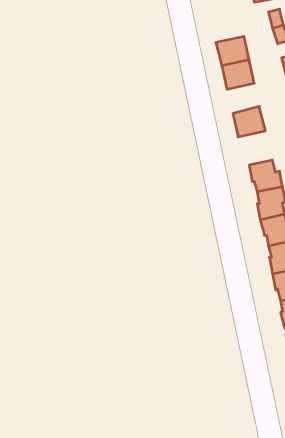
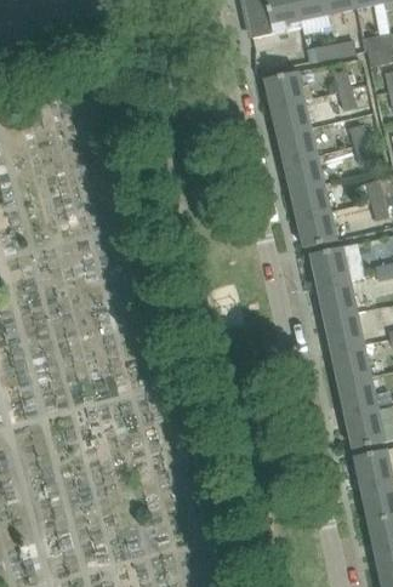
building: none -> [264,72,312,108]
building: none -> [284,156,323,193]
building: none -> [297,213,336,249]

